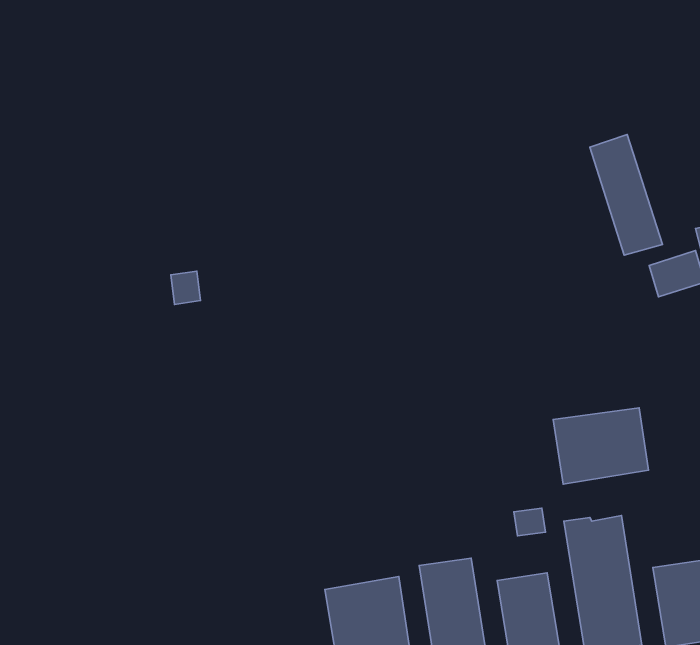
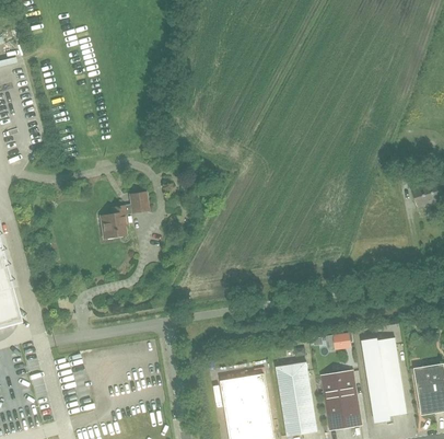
building: [590,134,663,255] -> none
building: none -> [101,206,125,239]
building: [553,408,649,484] -> none

